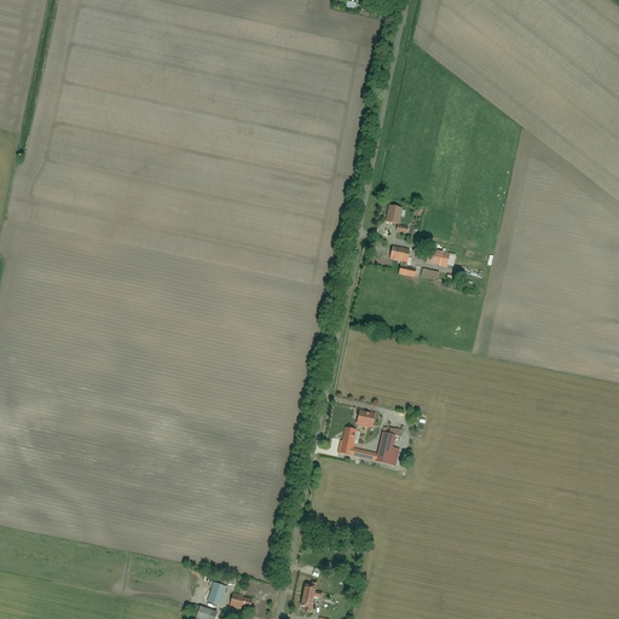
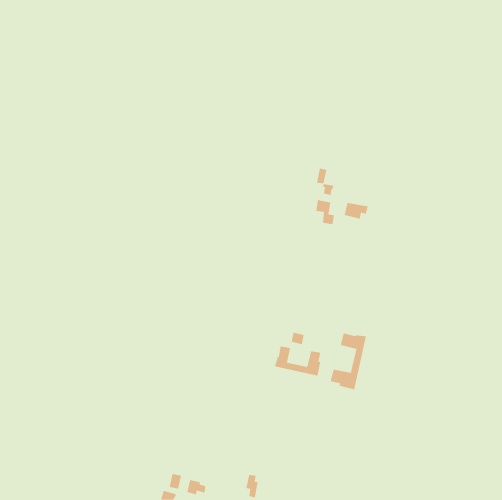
building: none -> [330,332,366,390]

